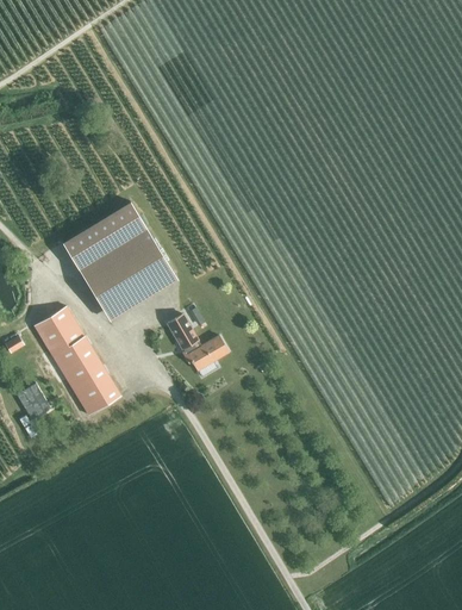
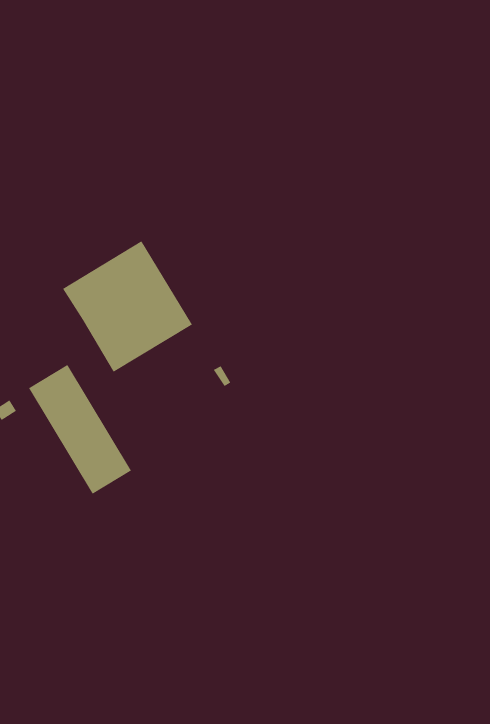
building: [168,313,229,376] -> none
building: [17,384,51,421] -> none

